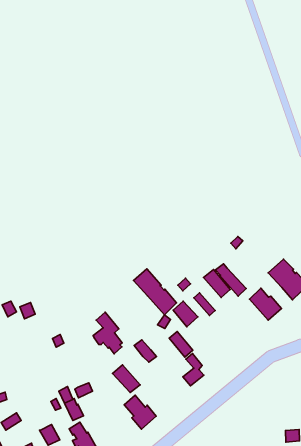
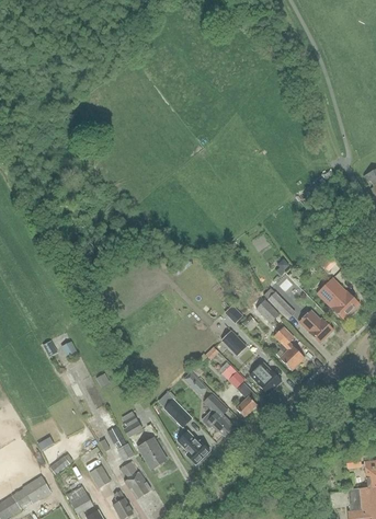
building: [133,269,177,315] -> none
building: none -> [274,326,306,370]
building: [93,312,122,354] -> [202,393,232,436]
building: none -> [249,361,282,394]
building: none -> [139,438,168,469]

